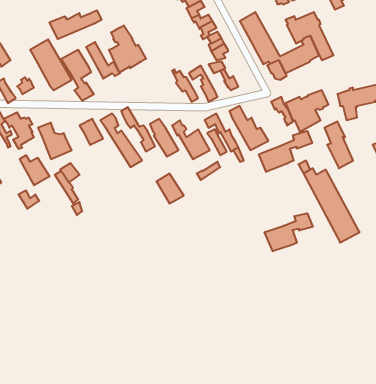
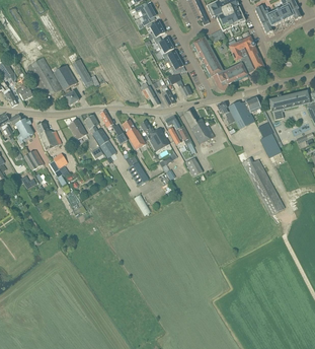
building: [50,10,101,39] -> none
building: [109,25,146,72] -> none
building: [259,131,312,172] -> none
building: [265,213,313,251] -> none

